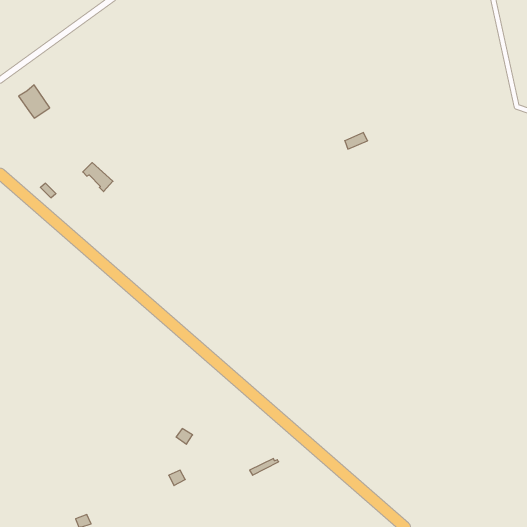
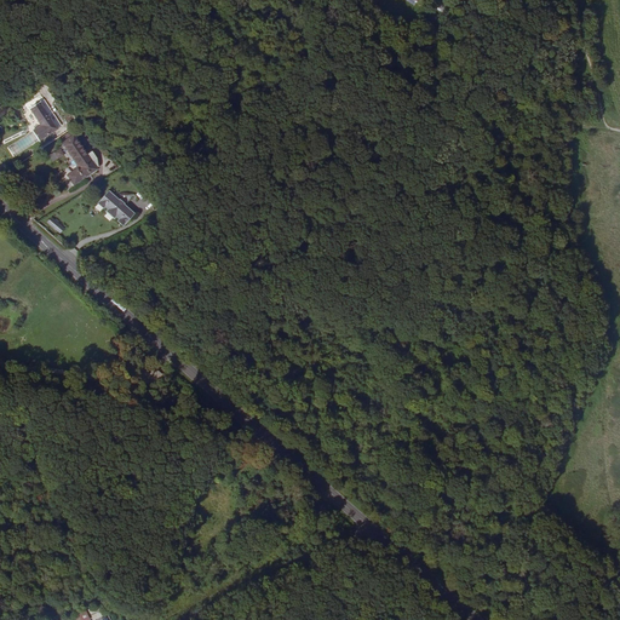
building: none -> [65,132,96,182]

